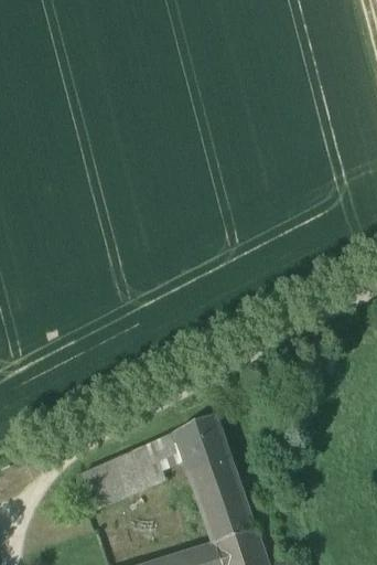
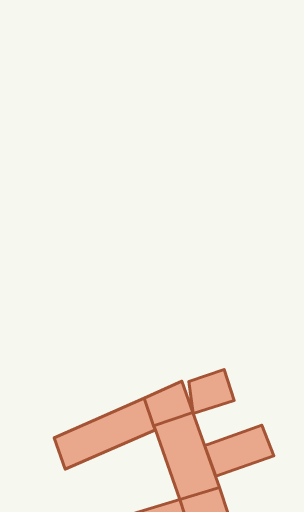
building: none -> [189,370,234,414]
building: none -> [204,425,274,476]

